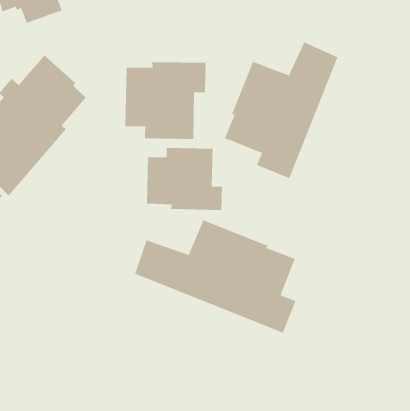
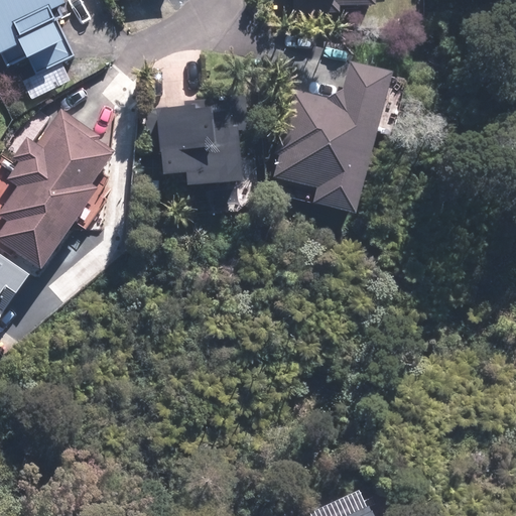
building: [147,147,222,211] -> none
building: [135,219,296,334] -> none

